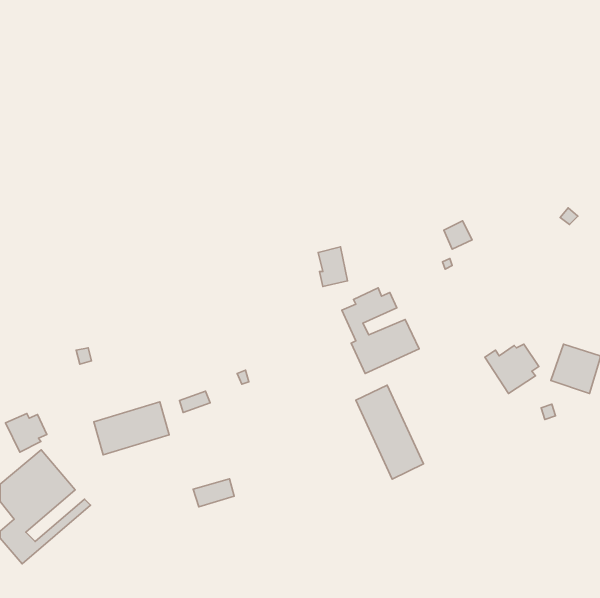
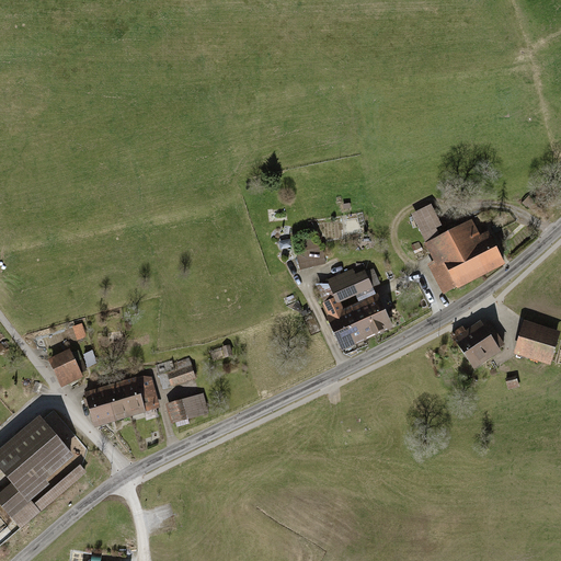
building: none -> [430,222,501,288]
building: [356,385,423,479] -> none
building: [6,413,47,452] -> [49,350,88,386]
building: [193,479,234,507] -> [168,394,206,421]

